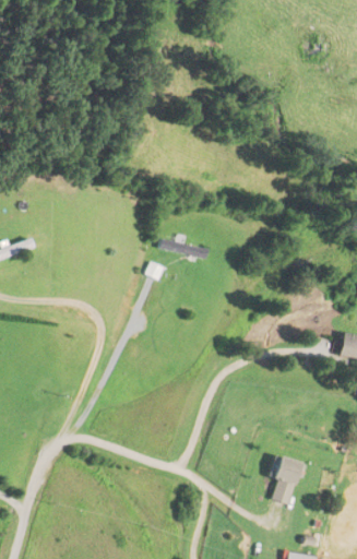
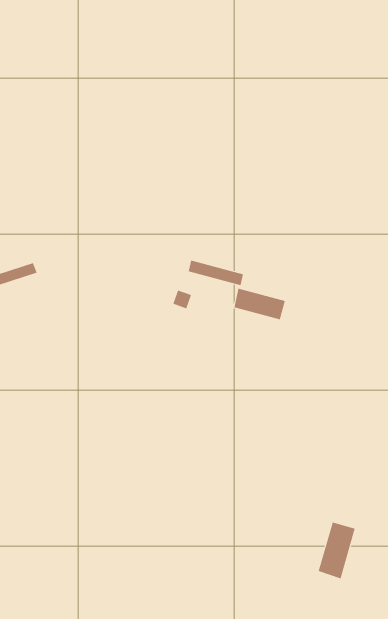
building: none -> [234,288,286,320]

